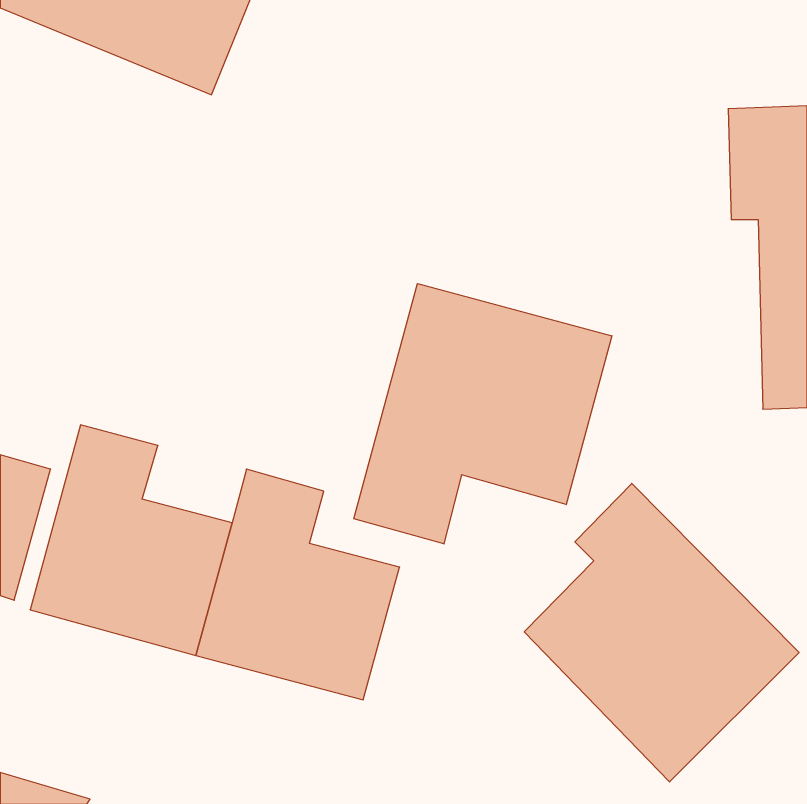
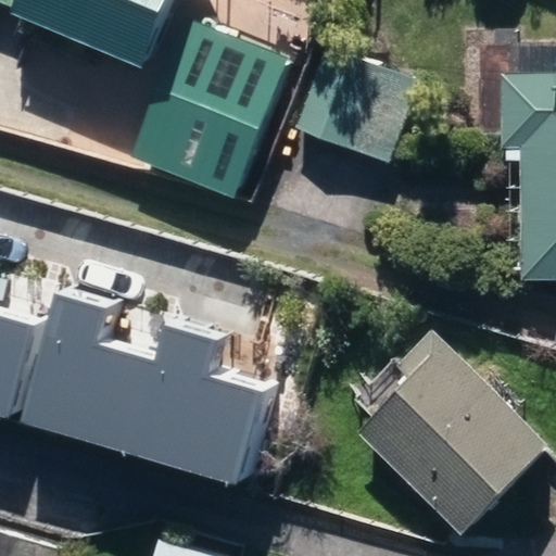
building: none -> [127,18,289,199]
building: none -> [298,47,420,163]
building: [354,284,612,544] -> none

